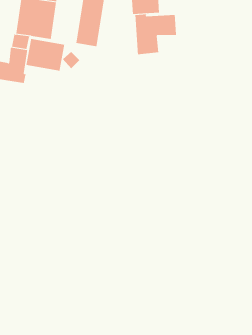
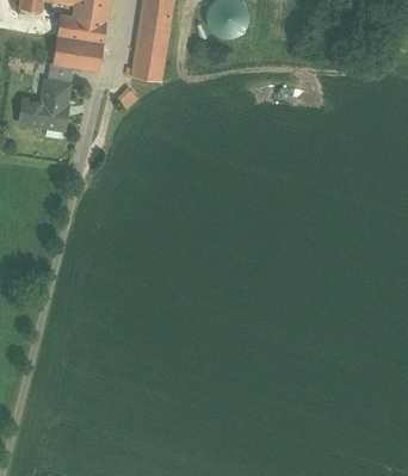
building: [135,14,177,55] -> none
building: [26,38,65,71] -> none

